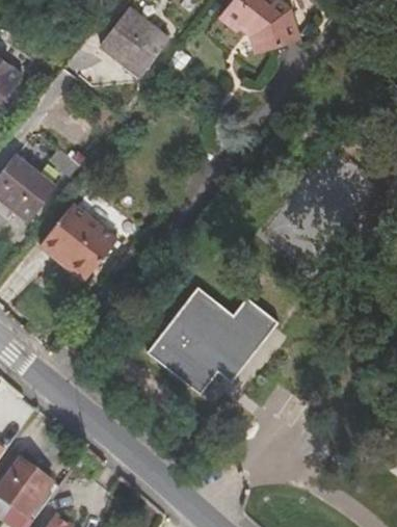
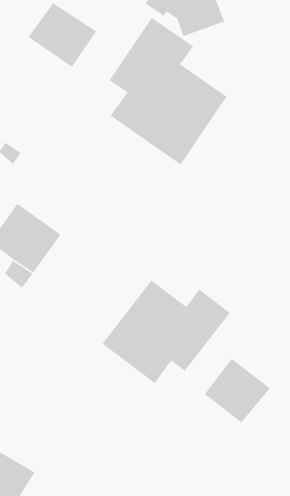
building: none -> [109,17,228,166]
building: none -> [204,358,271,424]

